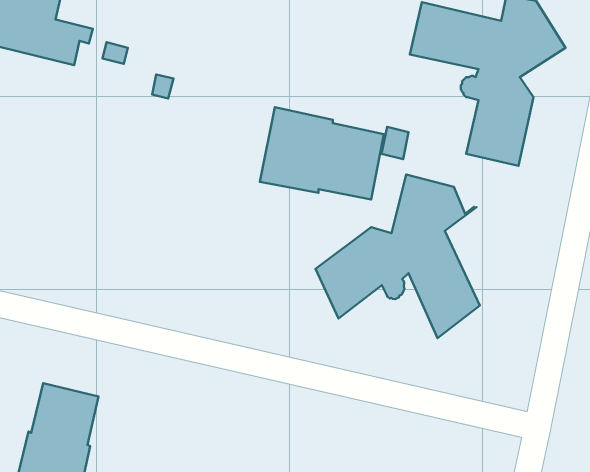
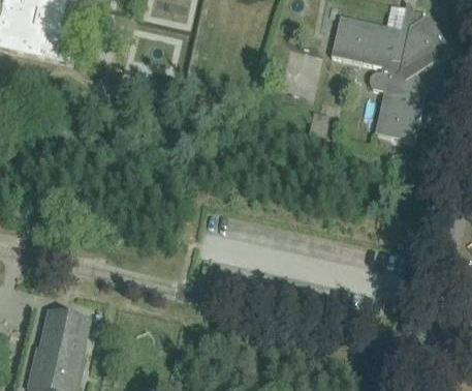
building: [260,107,384,199] -> none
building: [316,174,480,338] -> none

